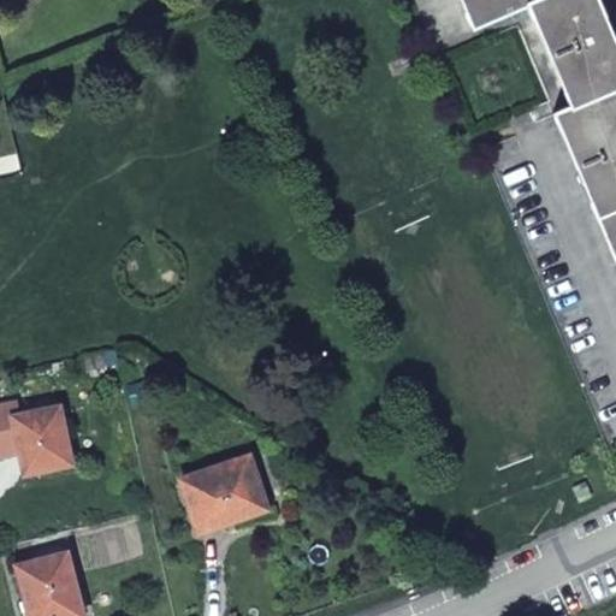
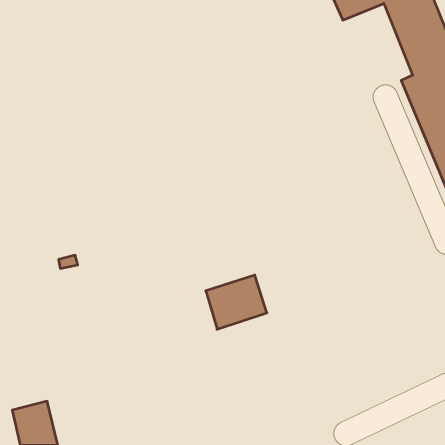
building: [14,405,72,472] -> none
building: [183,456,267,531] -> [206,275,267,329]

